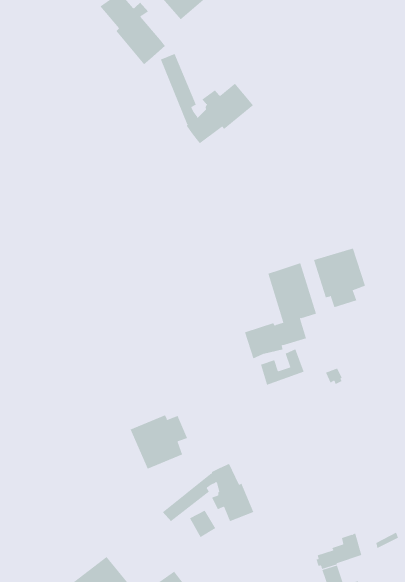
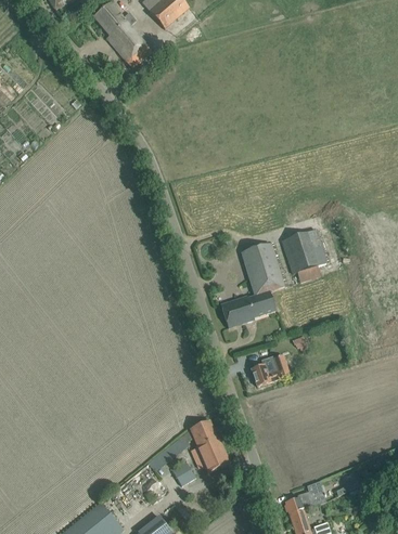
building: [160,53,254,144] -> none
building: [260,349,304,385] -> [251,353,290,386]
building: [130,415,188,469] -> none

